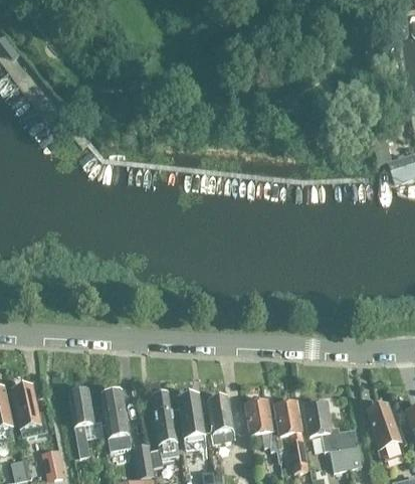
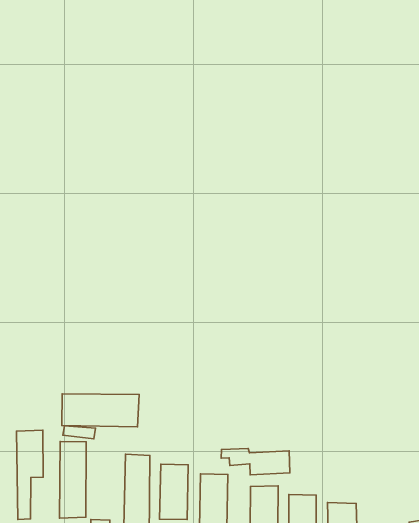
building: none -> [62,394,139,427]
building: none -> [221,449,290,475]

